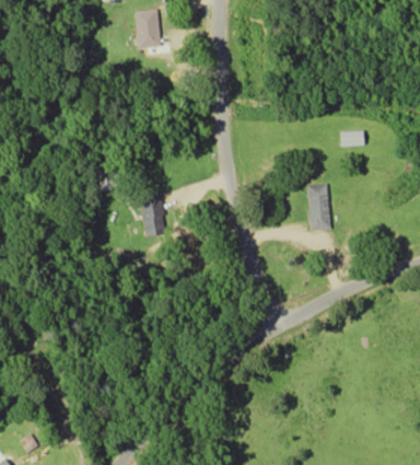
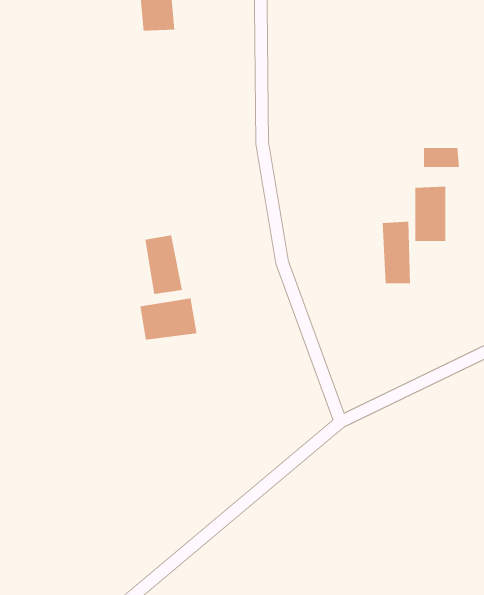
building: none -> [415,186,446,242]
building: none -> [140,297,197,340]

